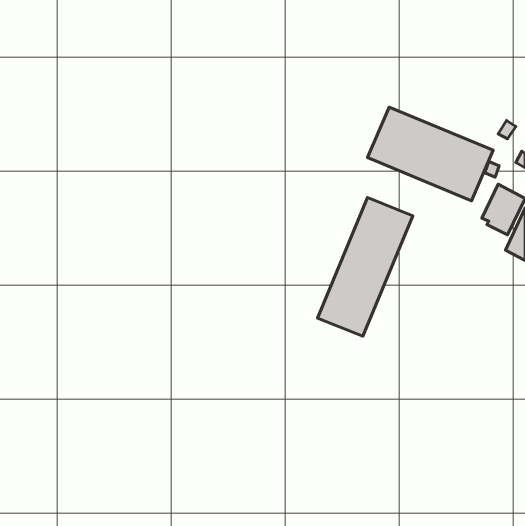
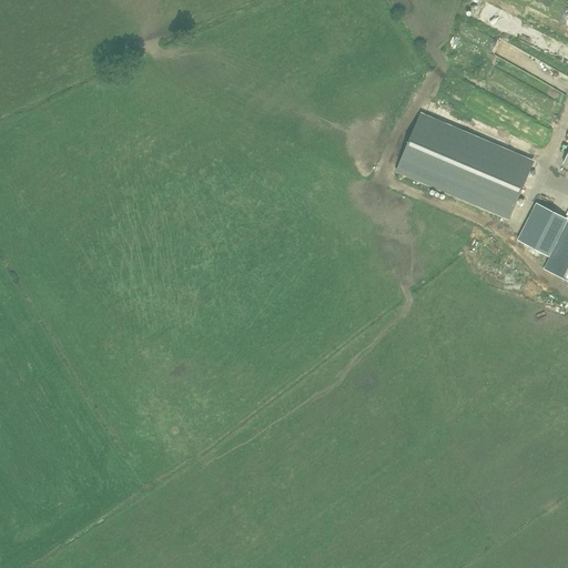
building: [317,198,413,336] -> none

